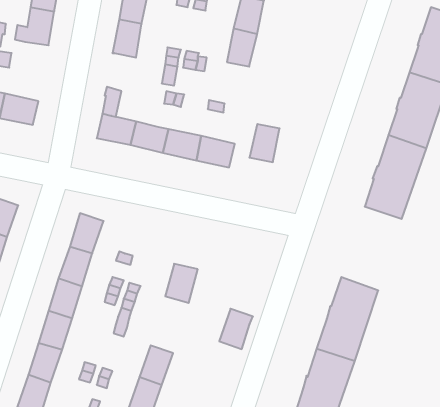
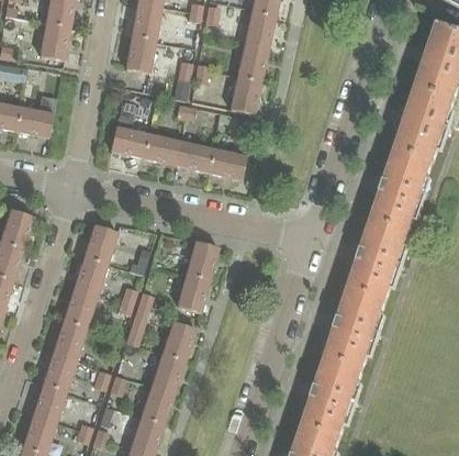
building: [249,124,280,162] -> [229,76,259,113]
building: none -> [349,218,408,300]
building: none -> [186,241,217,279]
building: [219,309,253,349] -> [163,322,195,362]

